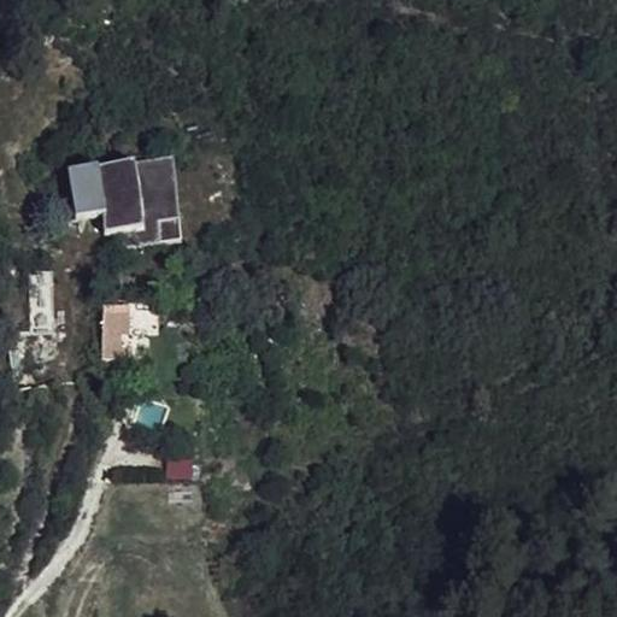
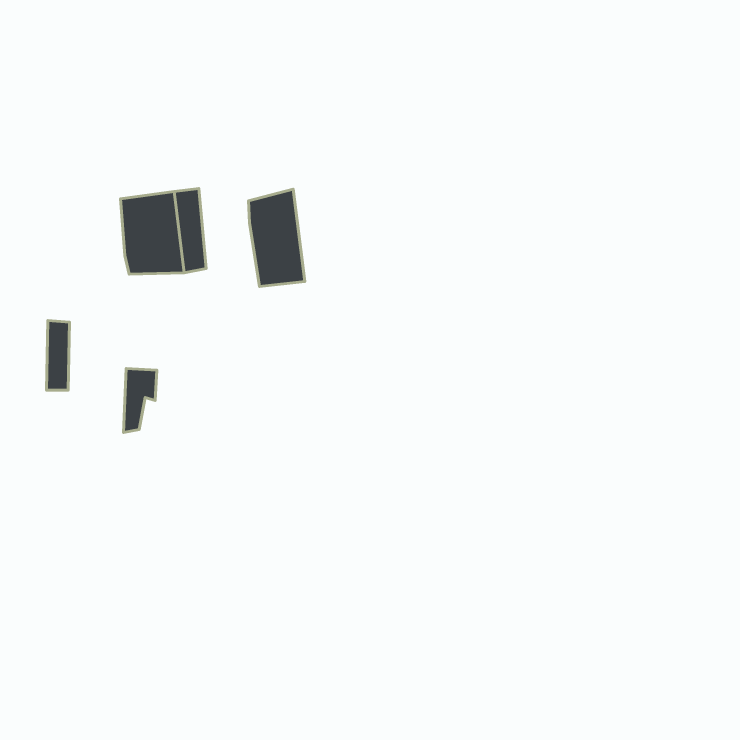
building: none -> [248,189,305,286]
building: [70,165,104,215] -> none

